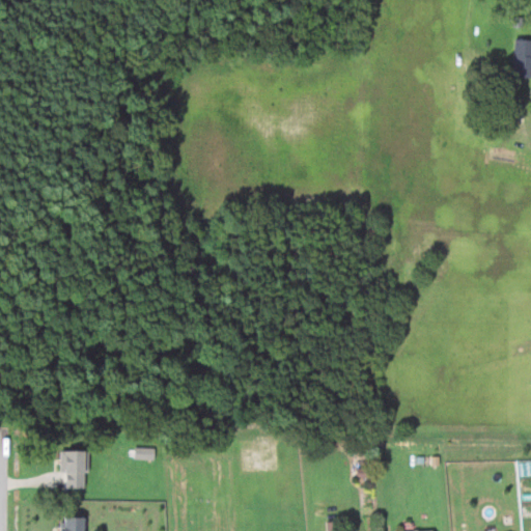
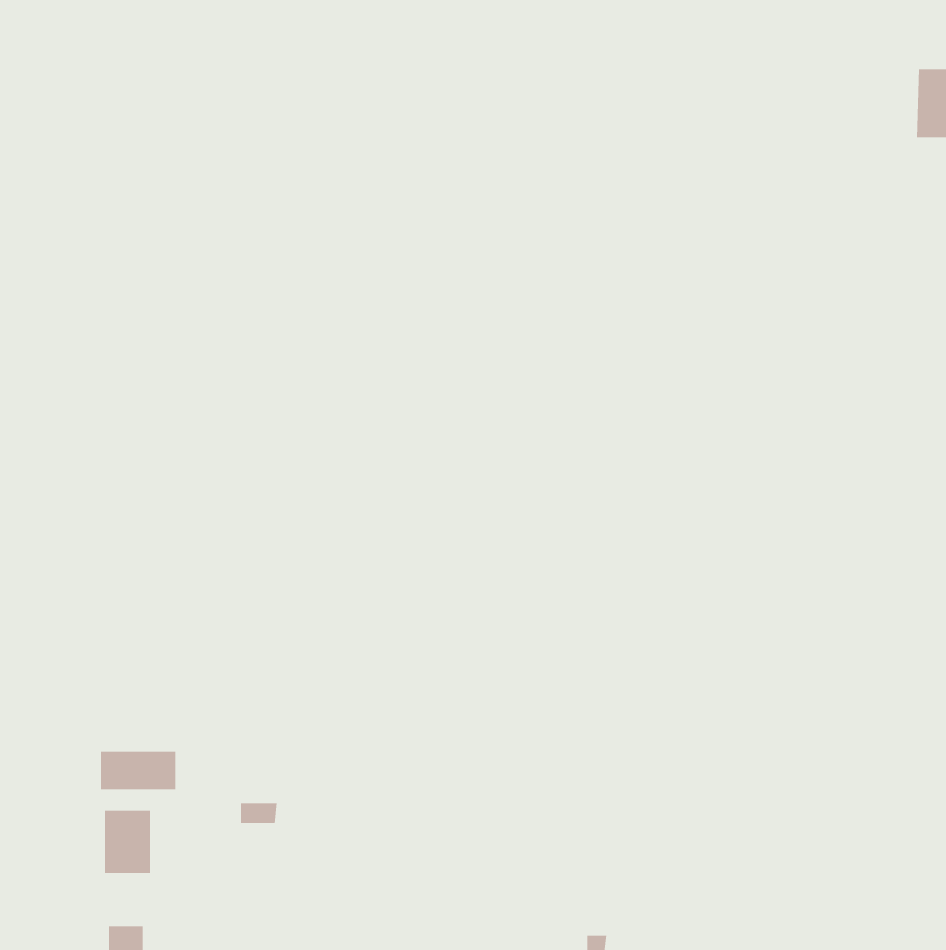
building: none -> [100,751,176,790]

